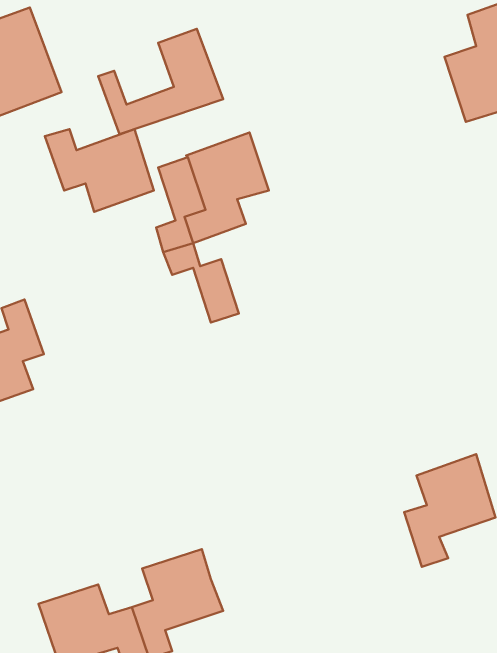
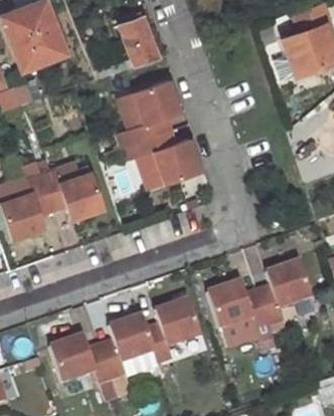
building: [45,129,154,212] -> [42,168,105,215]
building: none -> [139,129,202,182]
building: none -> [208,280,270,329]
building: none -> [149,298,201,362]

